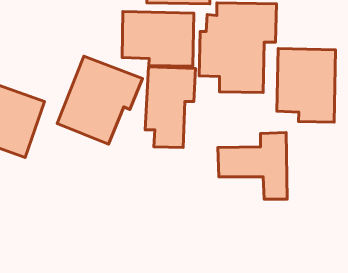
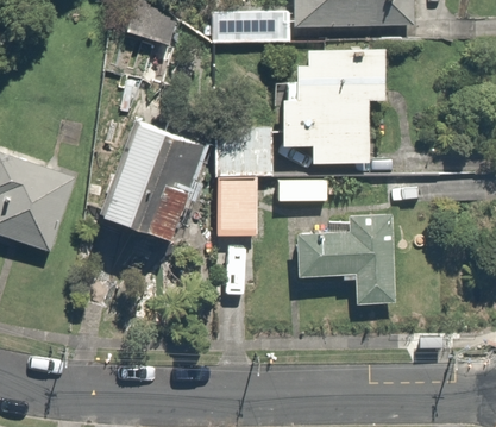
building: [122,12,194,66] -> none
building: [277,48,336,122] -> none

